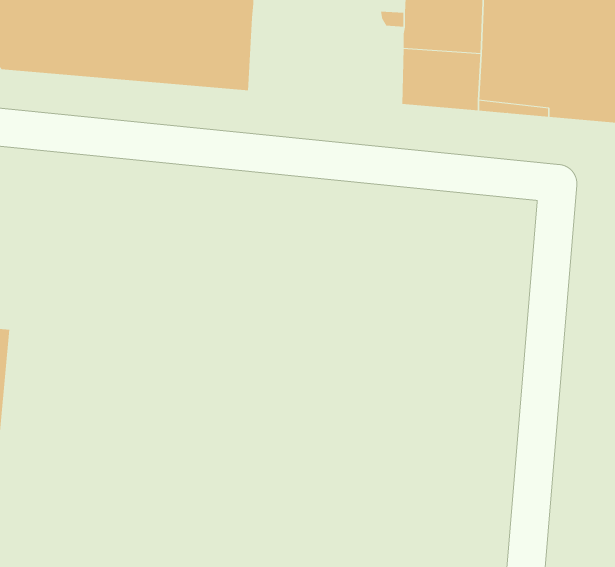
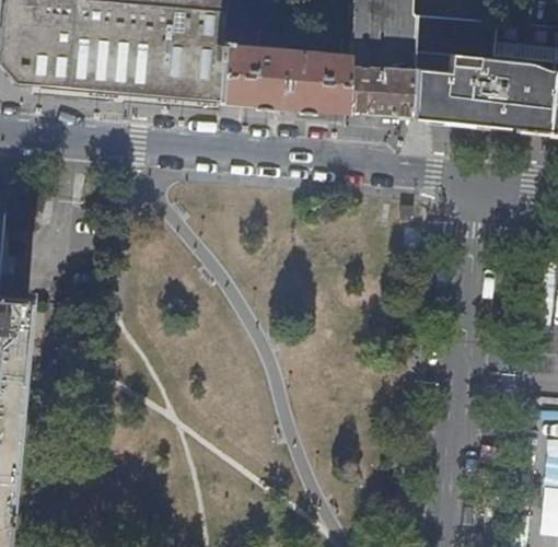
building: none -> [211,40,338,112]

